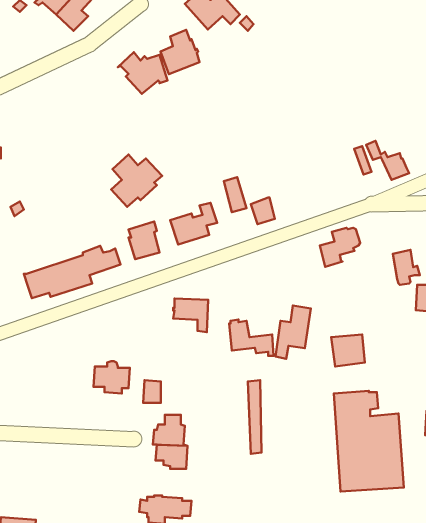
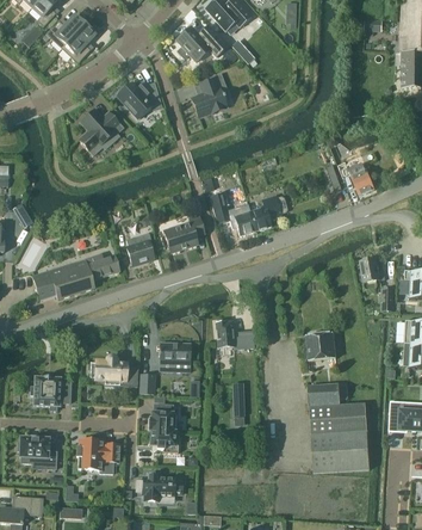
building: [161,30,200,74] -> [191,78,225,117]
building: [111,154,162,207] -> [77,107,123,154]
building: [320,228,360,267] -> [250,195,286,229]
building: [173,298,208,332] -> [159,341,190,371]
building: [275,305,311,359] -> none
building: none -> [30,375,69,409]
building: none -> [17,436,56,468]
building: none -> [75,439,118,473]

